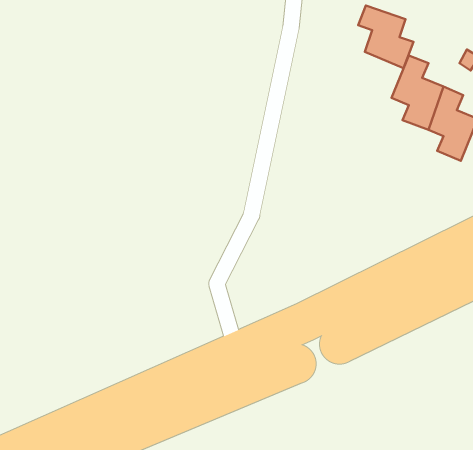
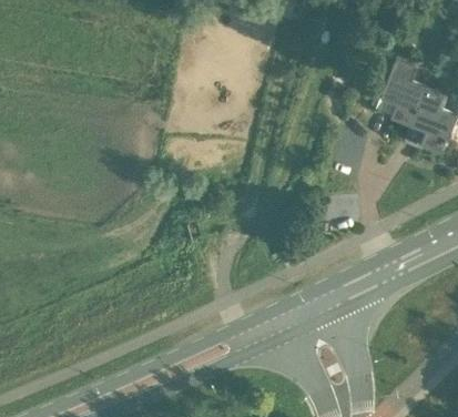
building: [358,5,414,68] -> none

